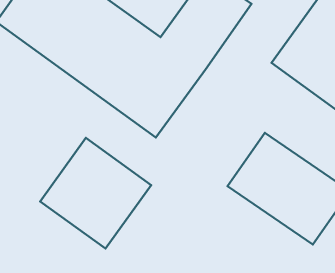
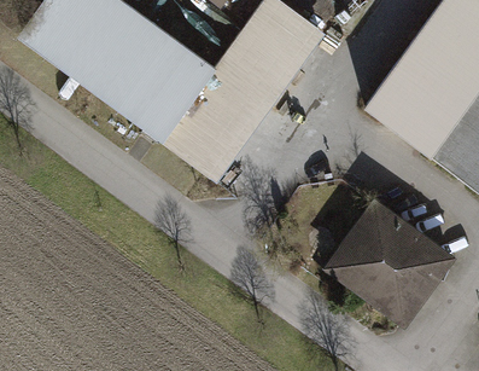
building: [40,138,151,249] -> none

